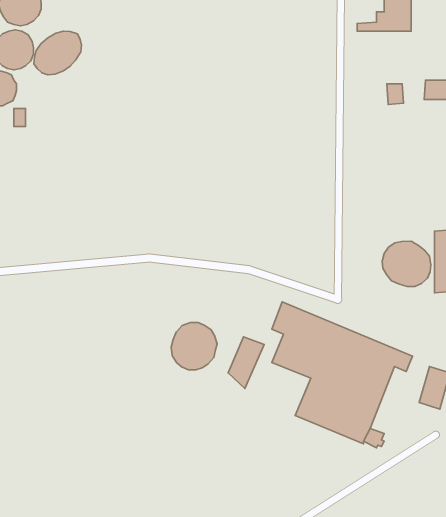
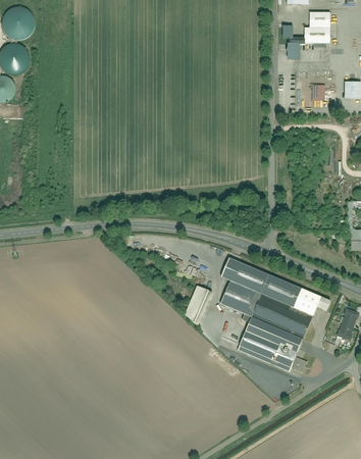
building: [34,31,82,75] -> none
building: [382,241,431,286] -> none
building: [171,322,217,370] -> none

